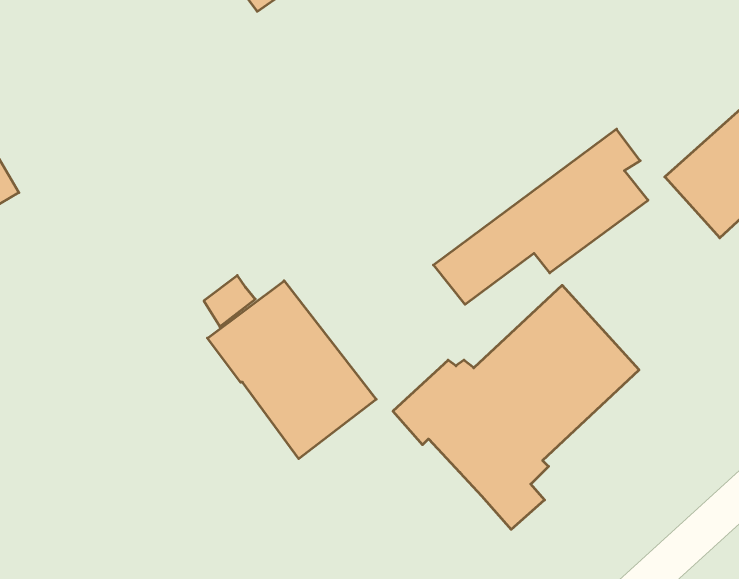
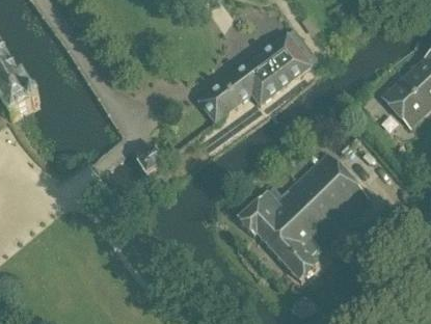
building: [433,129,648,304] -> [198,28,312,120]
building: [207,281,376,459] -> none

